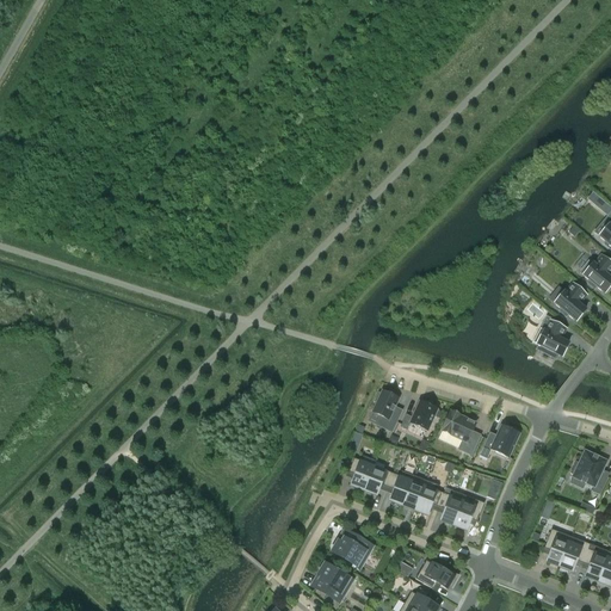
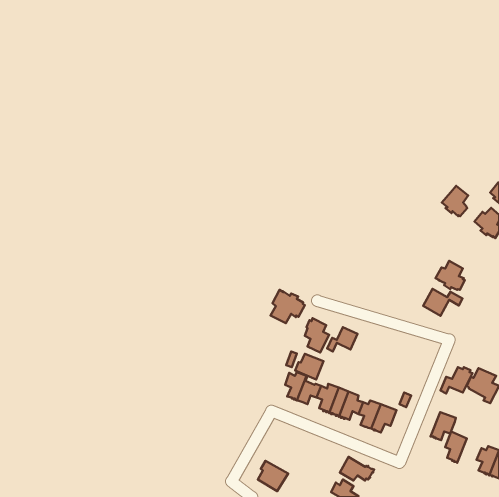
building: [554,282,586,319] -> [442,186,468,216]
building: none -> [423,289,462,316]
building: none -> [271,290,305,323]
building: [442,409,480,453] -> none
building: [480,425,519,457] -> [440,367,473,394]
building: none -> [295,354,323,380]
building: [332,531,372,567] -> none
building: [558,536,590,570] -> [431,412,456,440]

